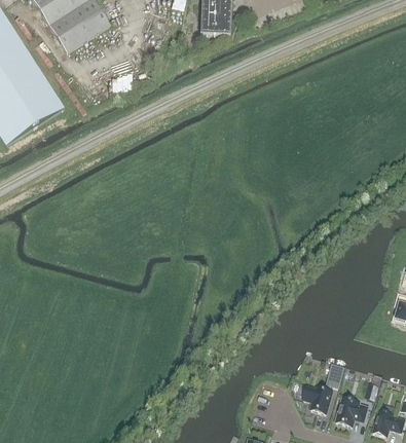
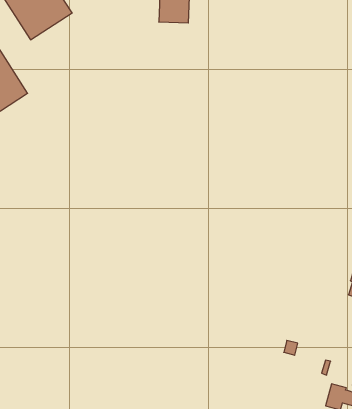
building: [303,384,332,413] -> none
building: [336,397,367,426] -> none

